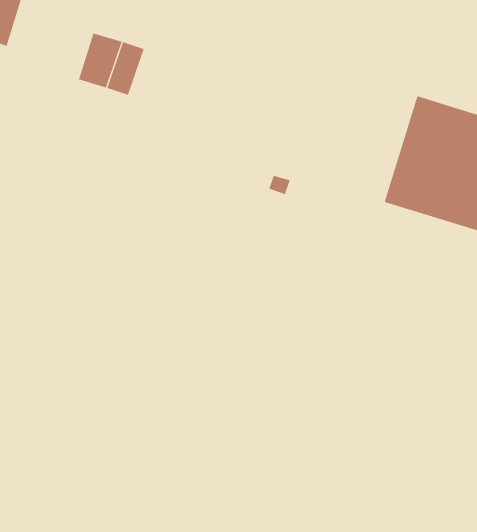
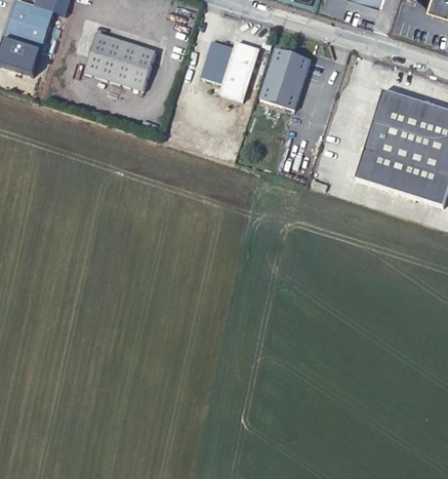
building: none -> [83,33,112,77]
building: none -> [200,40,258,101]
building: none -> [260,49,310,106]

